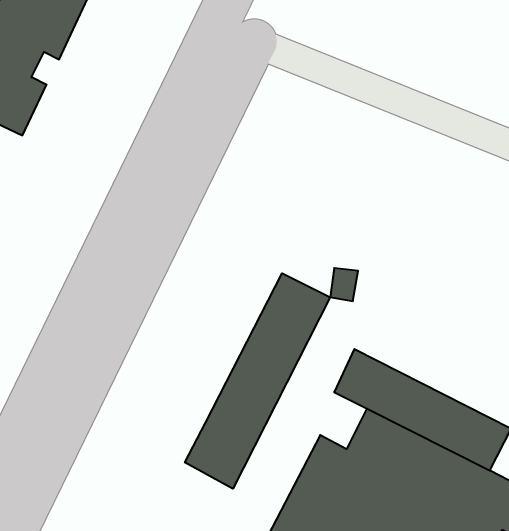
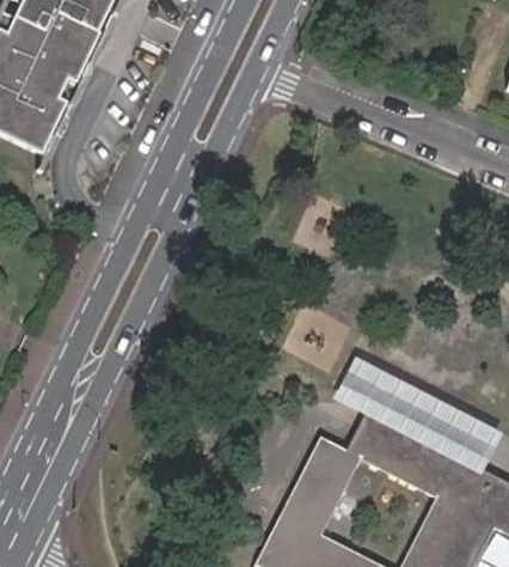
building: [185,273,330,489] -> none

